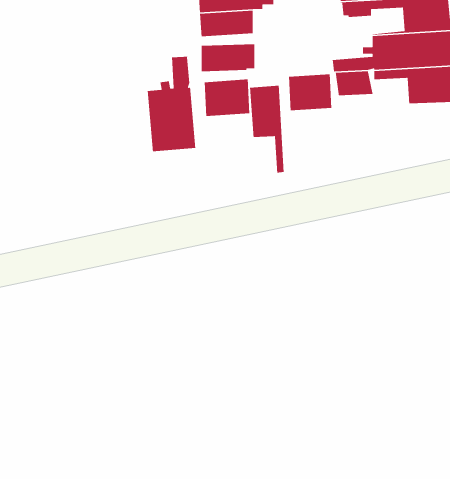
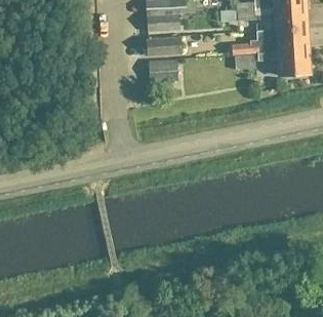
building: [147,56,196,152] -> none
building: [288,73,332,111] -> none
building: [249,85,285,174] -> none

